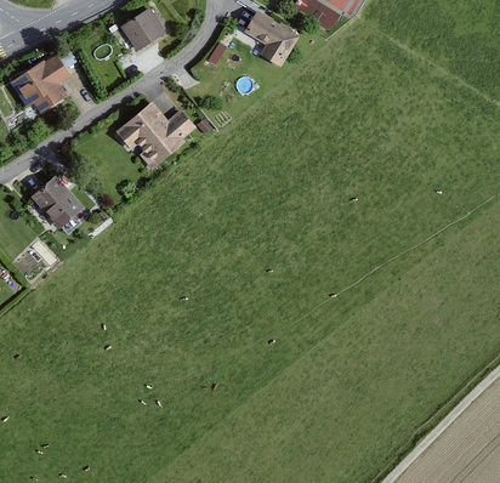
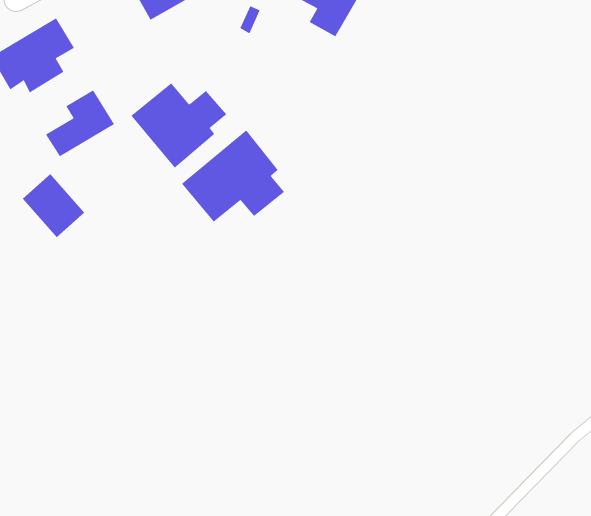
building: none -> [45,90,115,157]
building: none -> [181,130,285,222]

